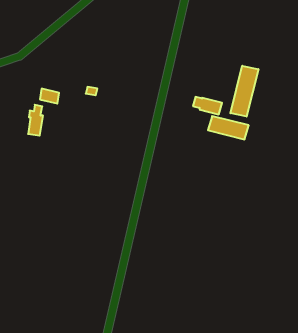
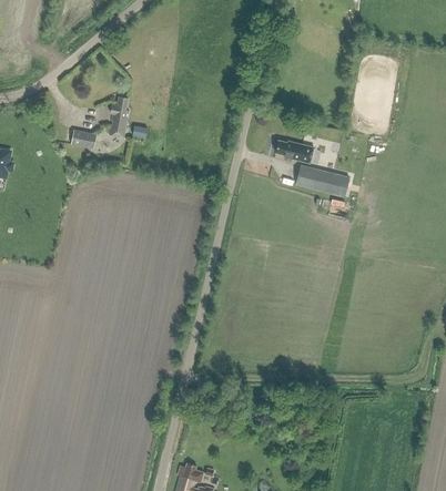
building: [230,66,258,117] -> none
building: [28,105,43,136] -> [108,95,128,136]

